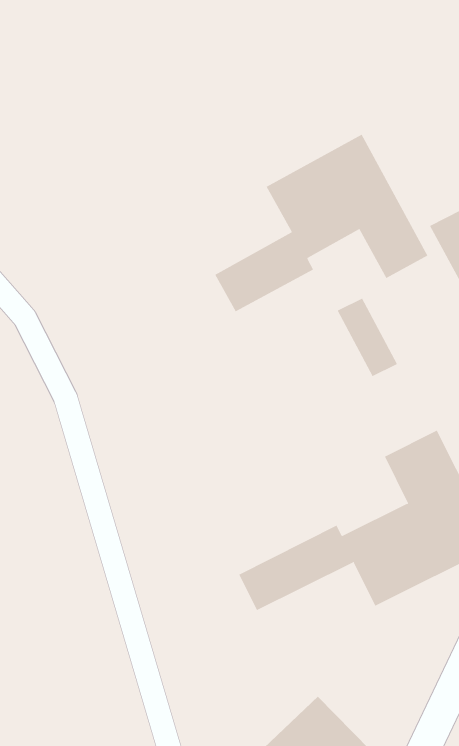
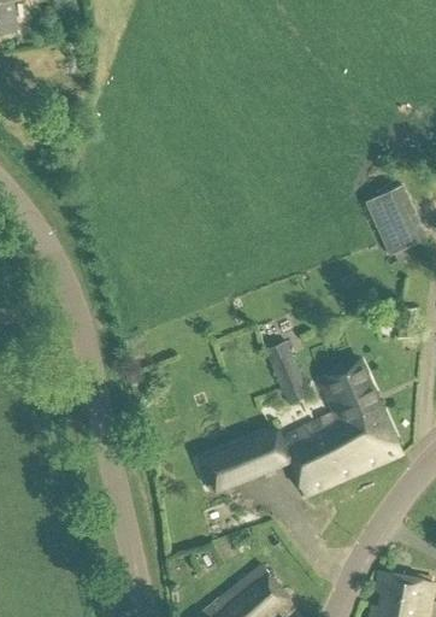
building: [215,134,428,312] -> none
building: [337,298,398,377] -> [269,346,313,407]

